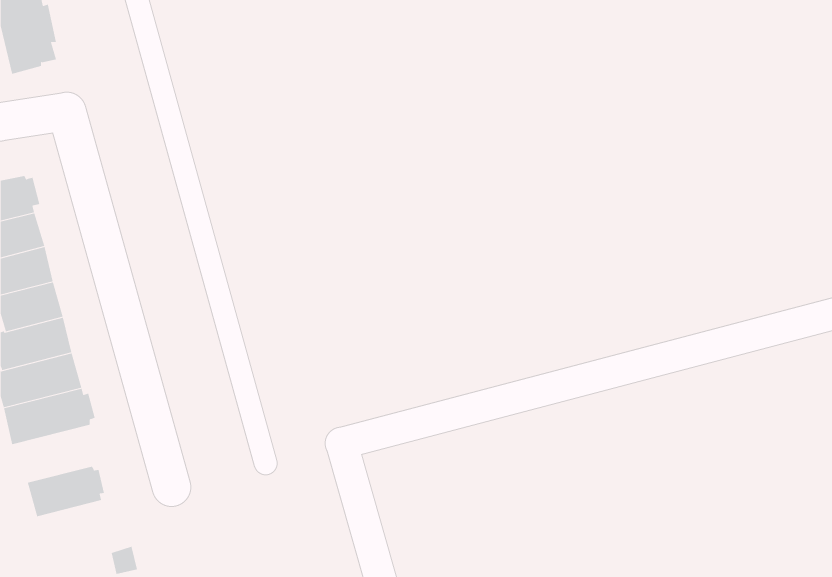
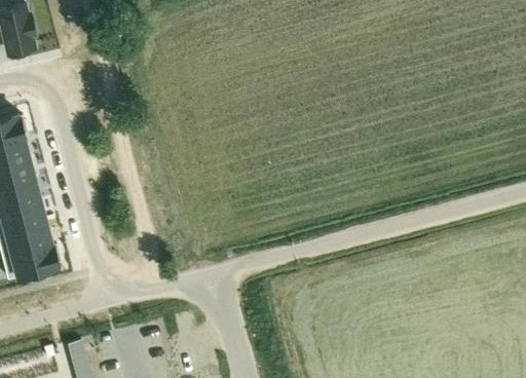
building: [27,466,105,517] -> none

